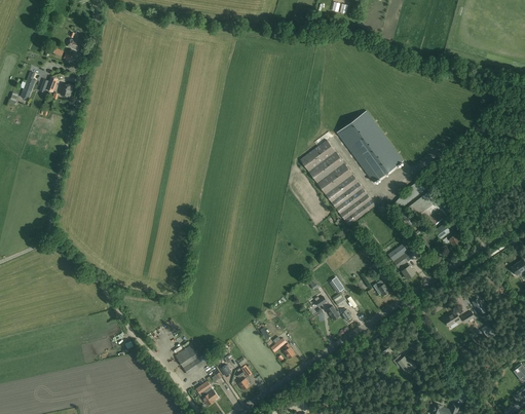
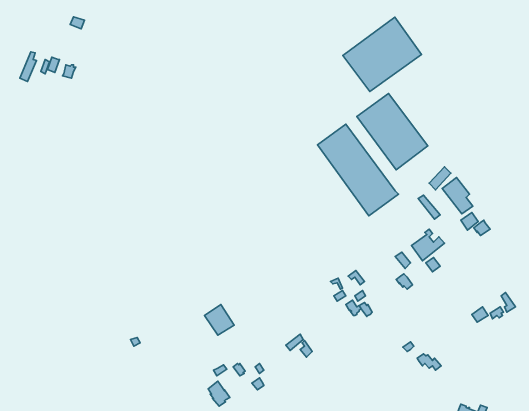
building: none -> [343,17,421,92]
building: [176,346,203,375] -> [205,304,234,335]

